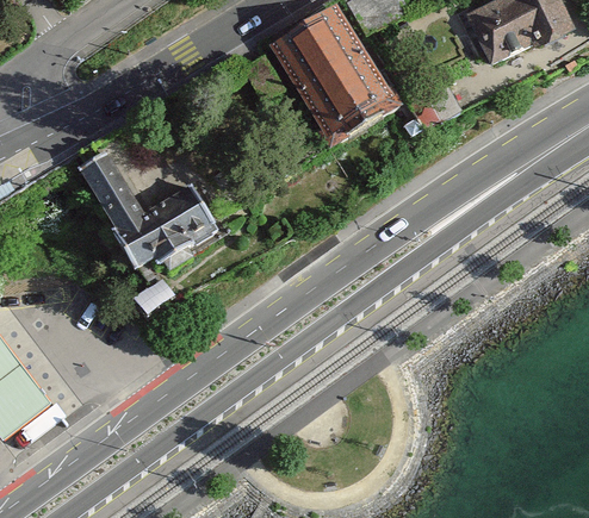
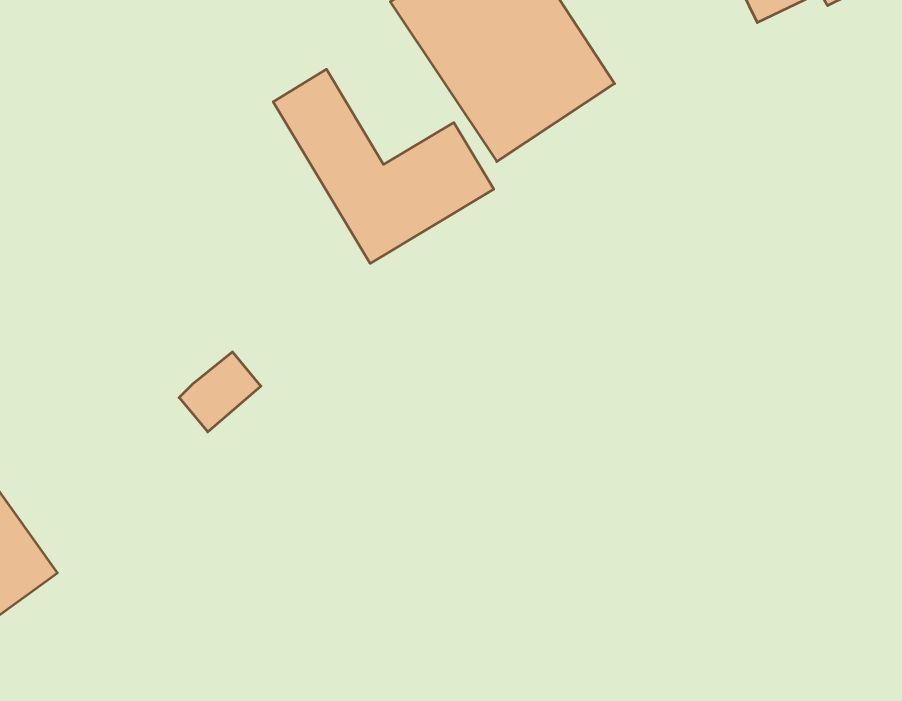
building: [74,149,212,270] -> [273,69,494,263]

